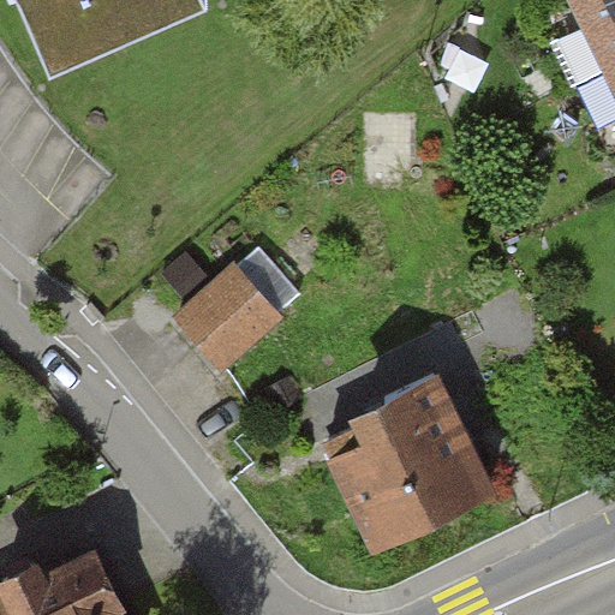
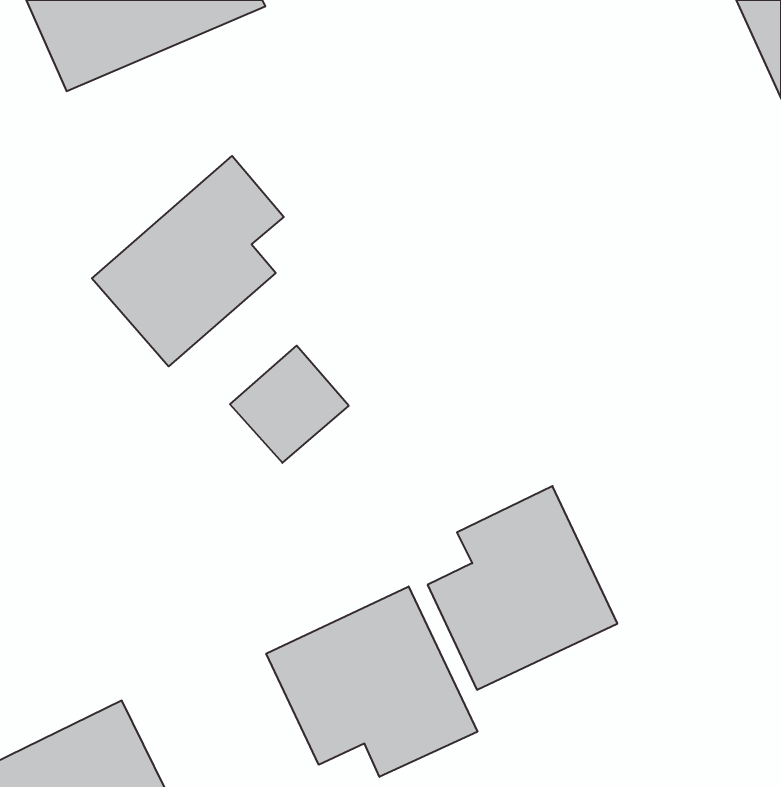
building: none -> [92,156,284,366]
building: none -> [266,586,477,777]

